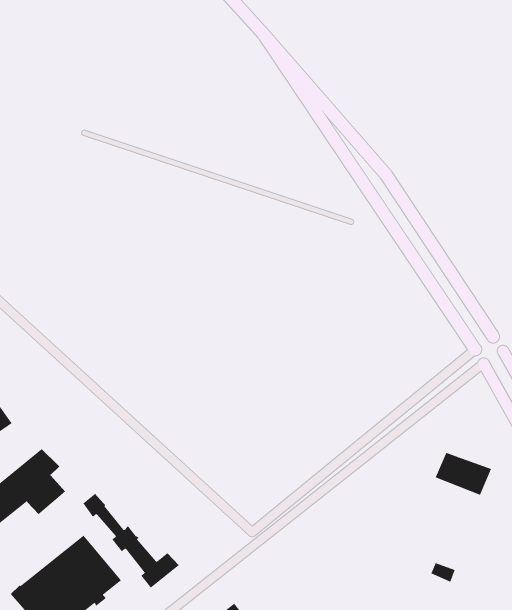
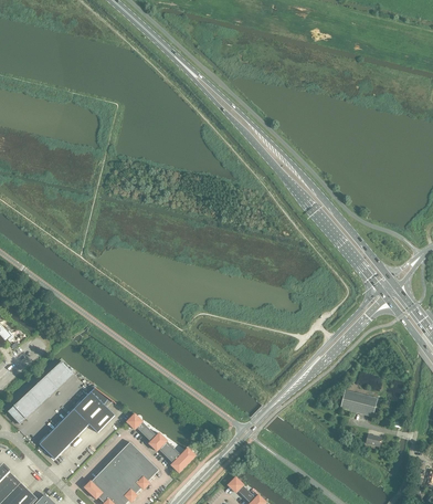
building: [435,452,492,496] -> [339,390,377,417]

